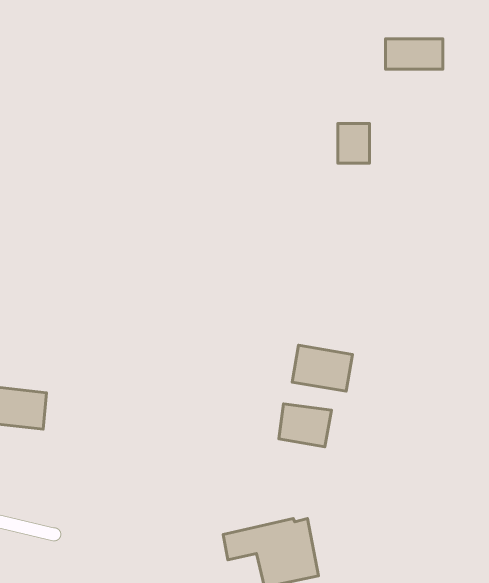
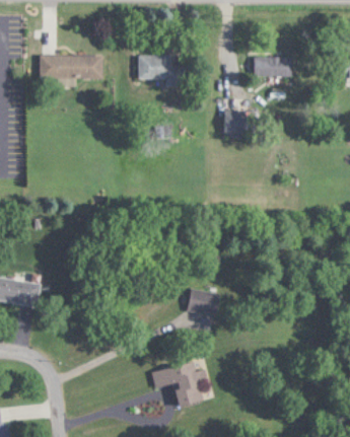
building: none -> [39,55,102,79]
building: none -> [138,56,181,86]
building: [292,345,352,391] -> none

